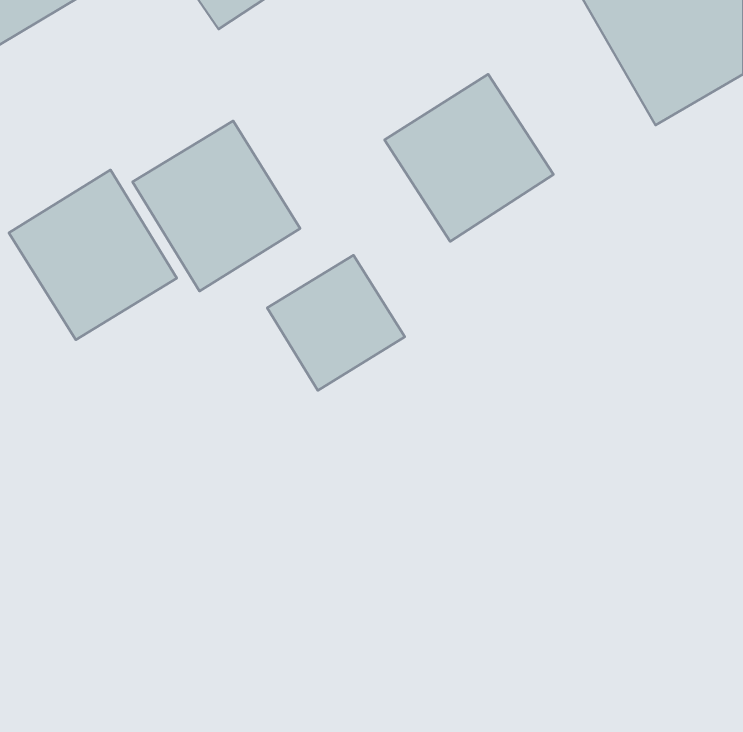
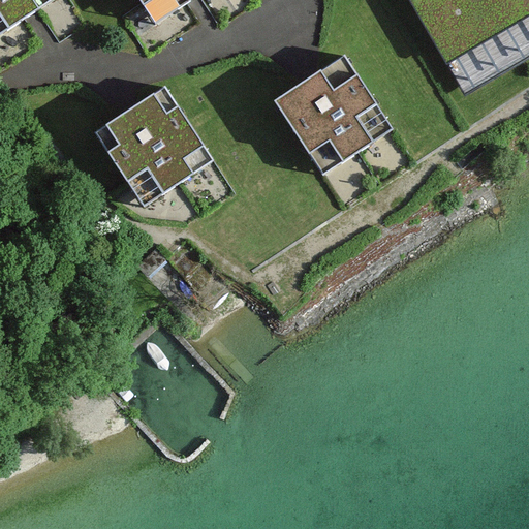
building: [9,170,177,340] -> none
building: [267,255,405,390] -> none

